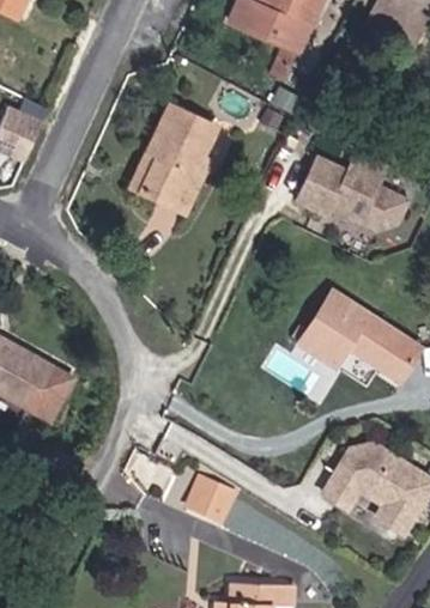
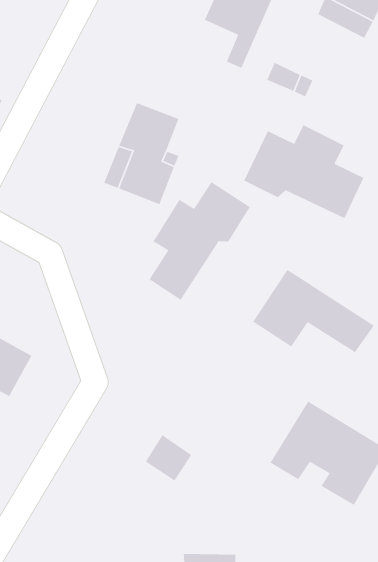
building: none -> [149,181,251,301]

